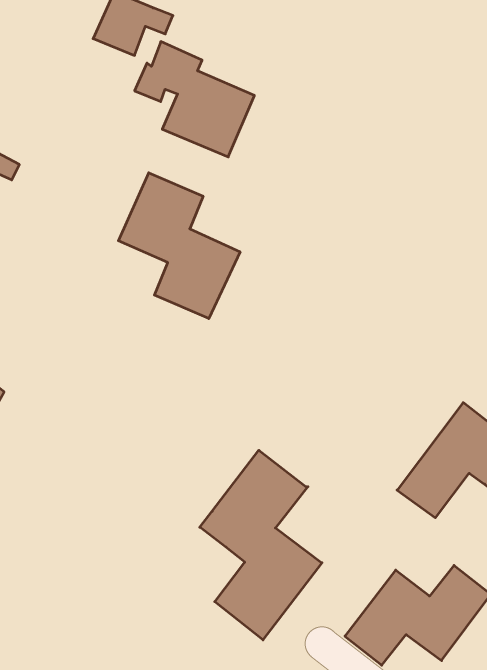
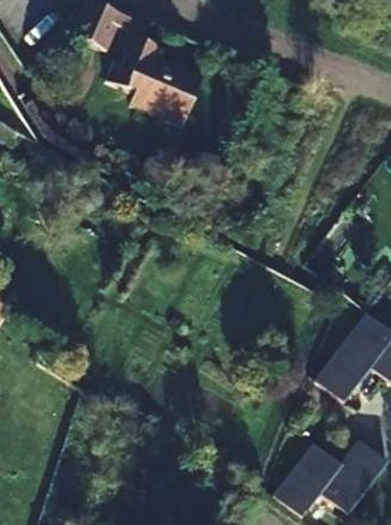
building: [118,173,240,319] -> none
building: [200,450,322,640] -> none

